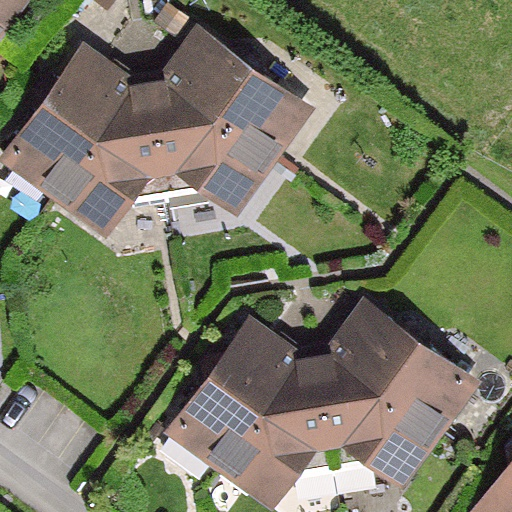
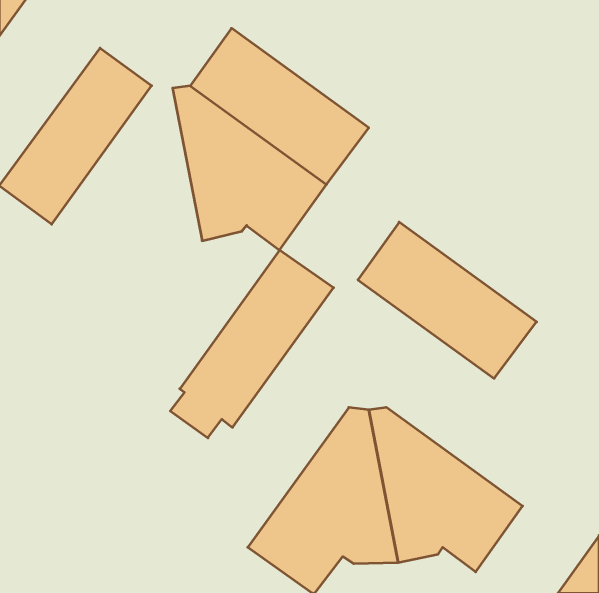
building: [44,73,172,233] -> none
building: [329,298,481,431] -> [358,222,537,378]
building: [158,315,297,475] -> [170,250,334,438]

